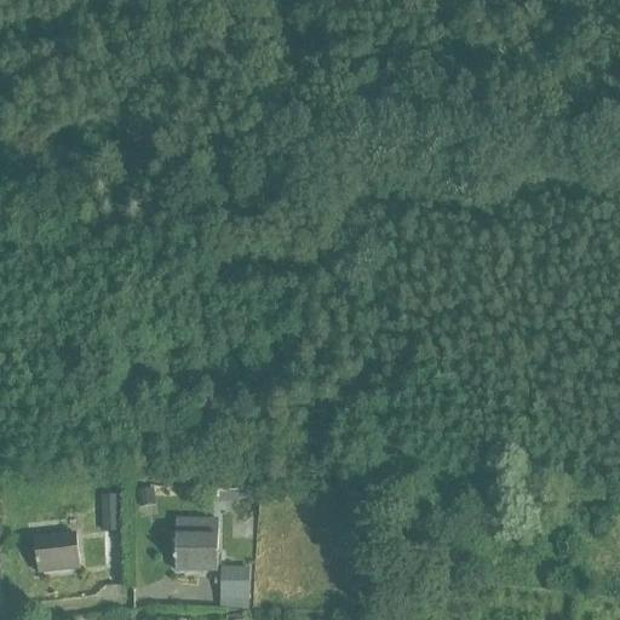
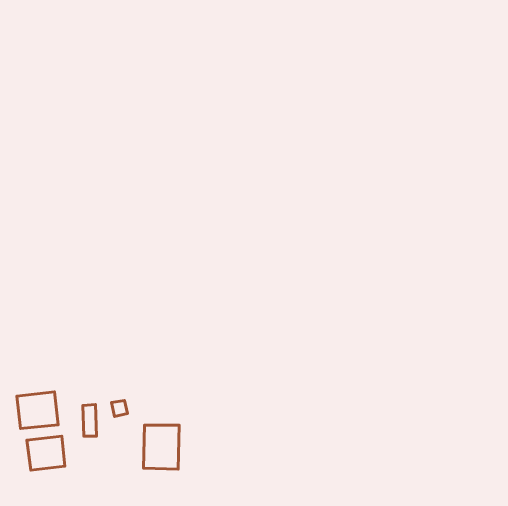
building: none -> [17,392,58,429]
building: [219,566,248,608] -> none

